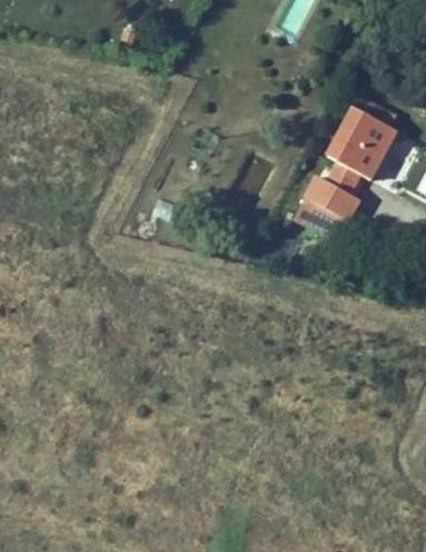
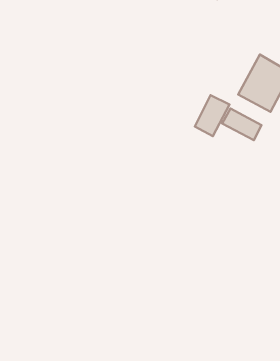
building: none -> [195,95,229,136]

